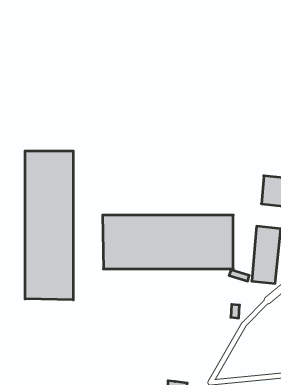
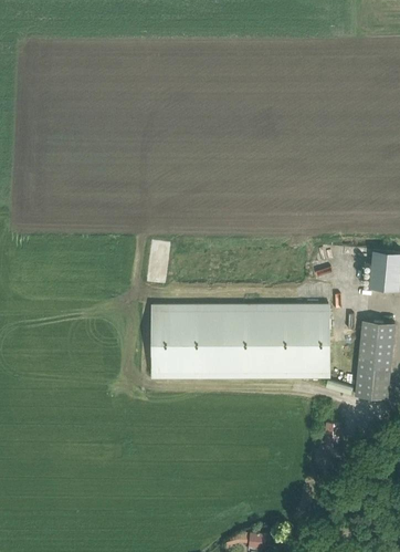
building: [25,151,73,300] -> none

